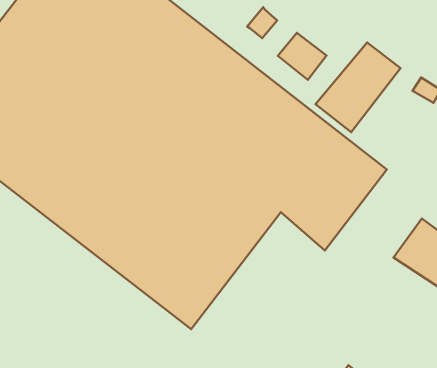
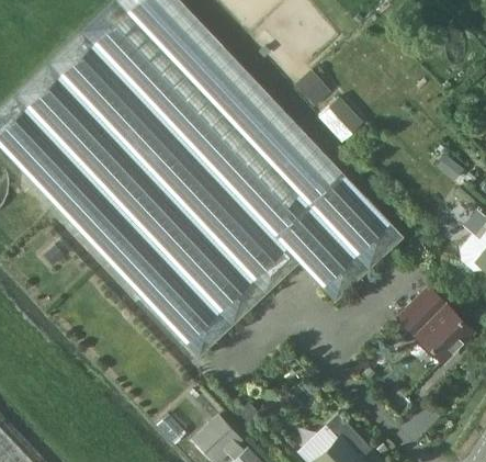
building: [315,42,401,132] -> none

